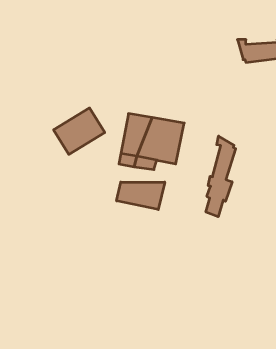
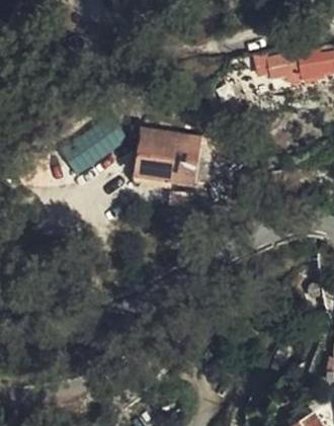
building: [206,136,236,217] -> none
building: [117,182,165,210] -> none

